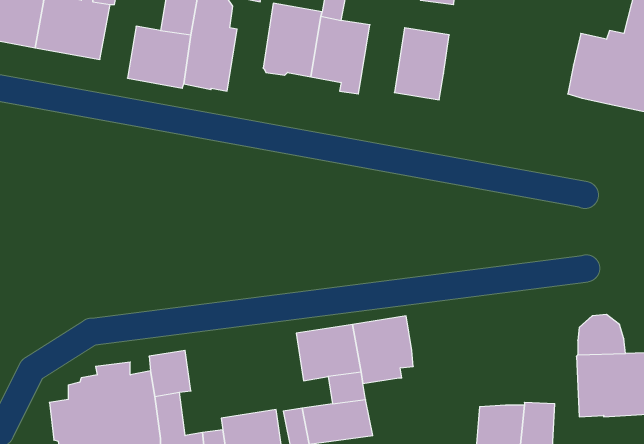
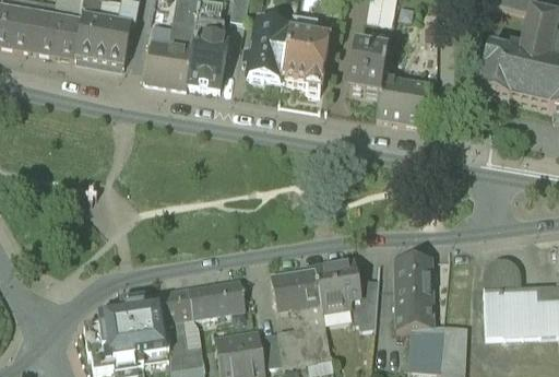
building: none -> [377,78,429,127]
building: none -> [394,259,432,330]
building: none -> [188,280,245,318]
building: none -> [349,280,378,326]

